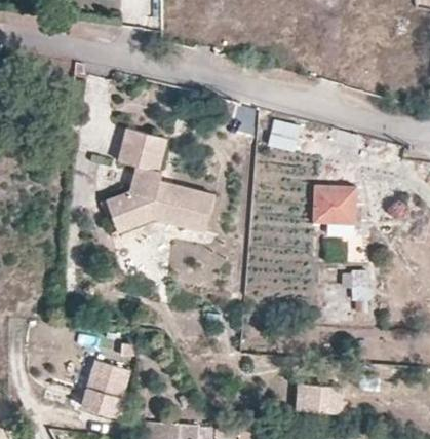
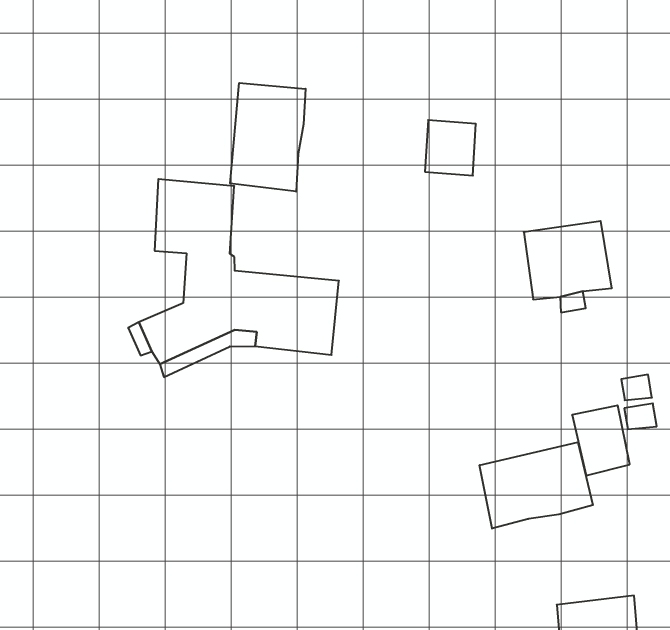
building: none -> [230,83,306,192]
building: none -> [480,442,593,529]

